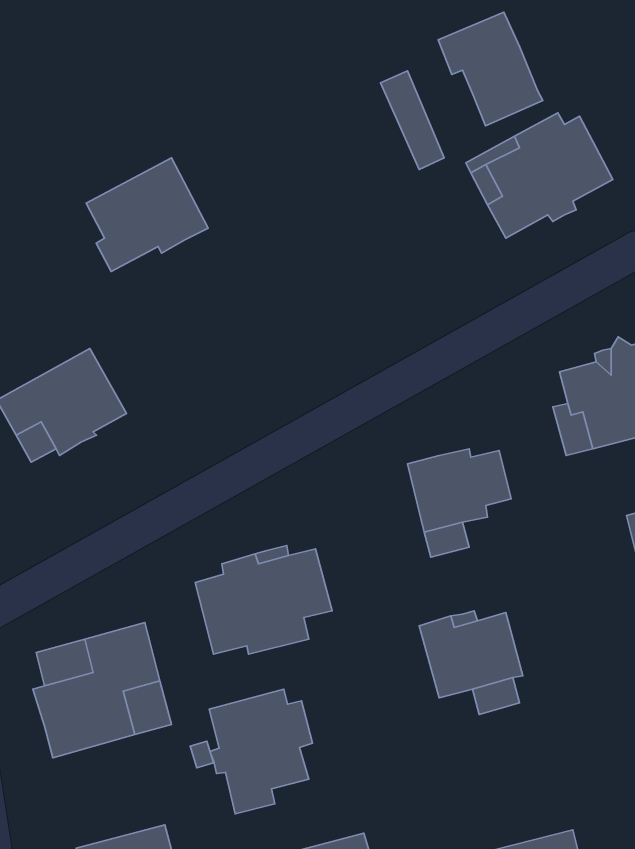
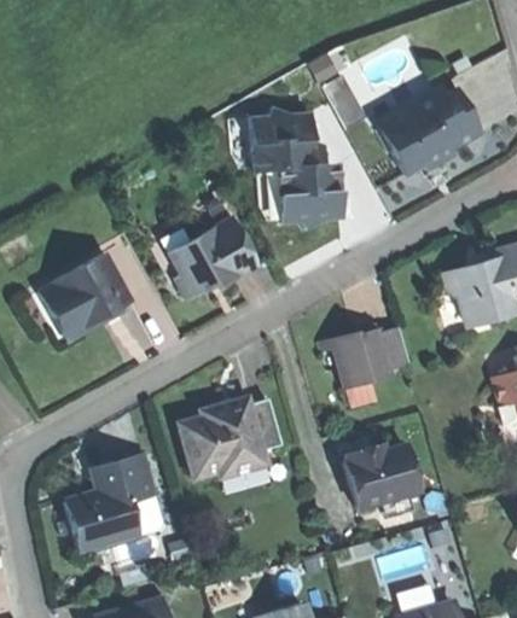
building: [438,12,543,126] -> none
building: none -> [249,109,342,227]
building: [86,158,208,272] -> [168,217,256,299]
building: [209,689,312,814] -> none

